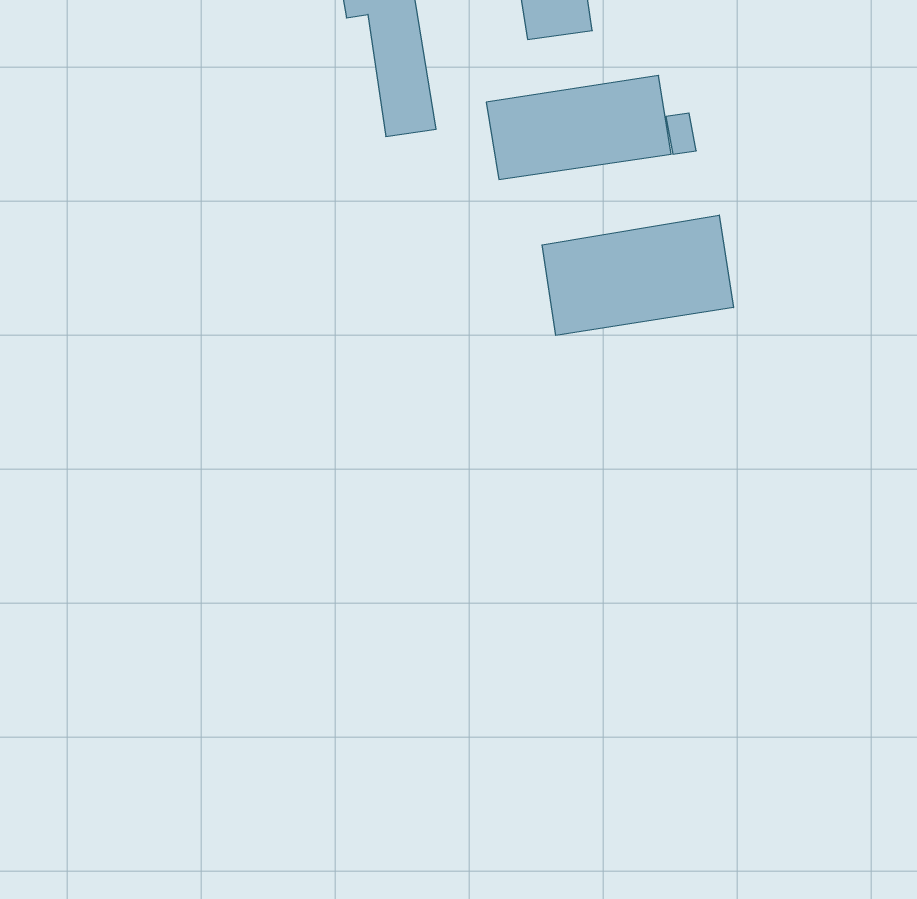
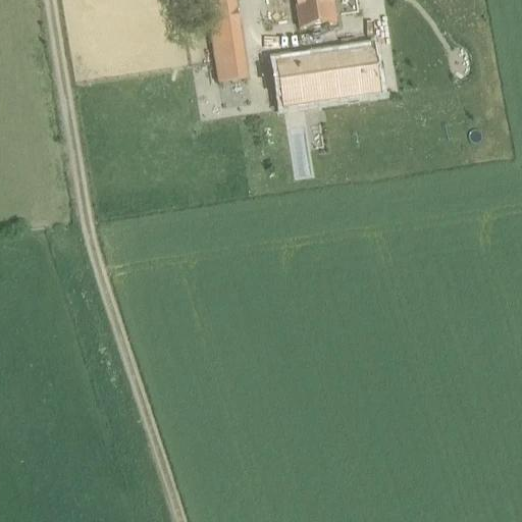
building: [542,215,733,335] -> none

